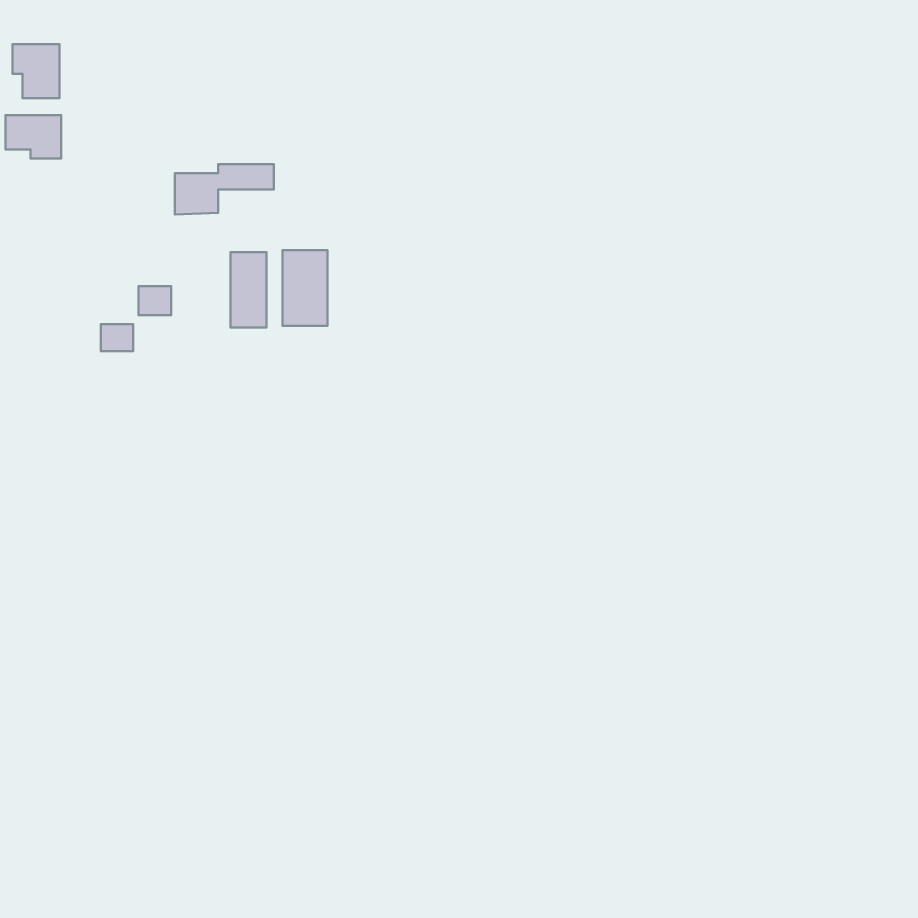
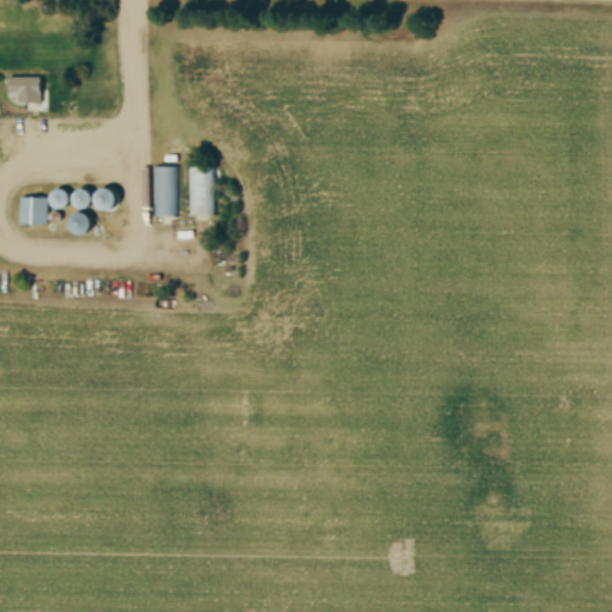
building: [13,44,60,98] -> none
building: [175,164,274,215] -> [19,191,85,225]

